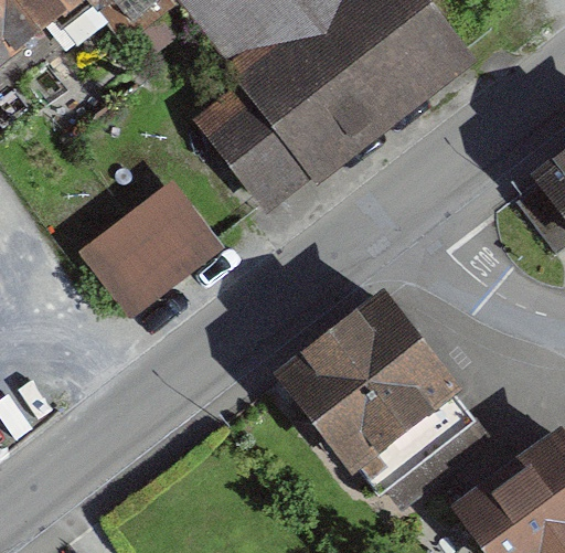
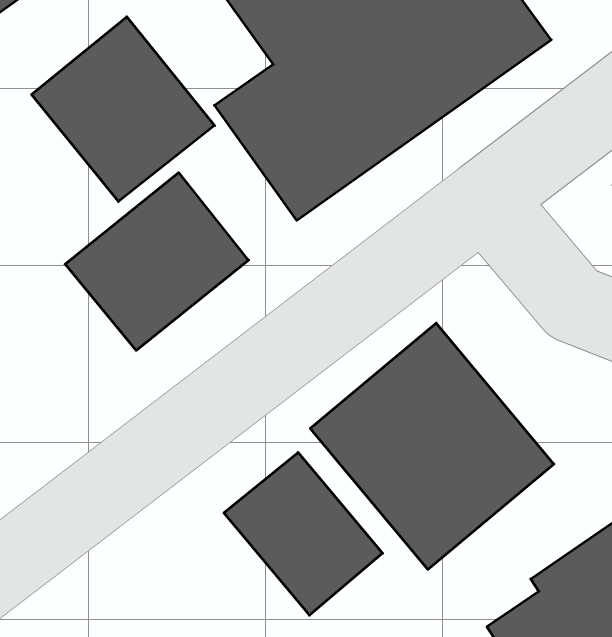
building: none -> [32,17,215,202]
building: none -> [224,452,383,615]

